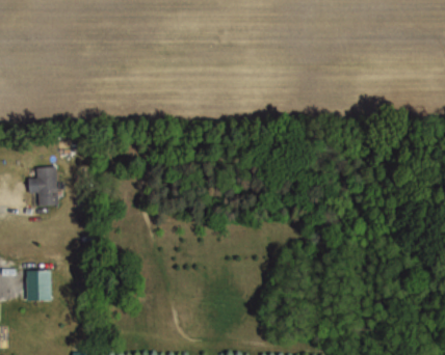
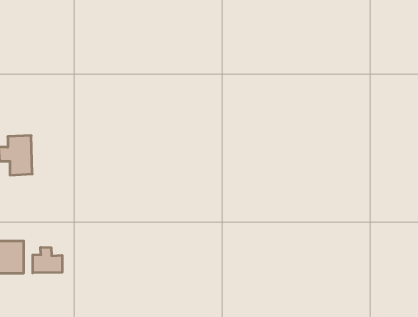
building: none -> [33,247,62,273]

